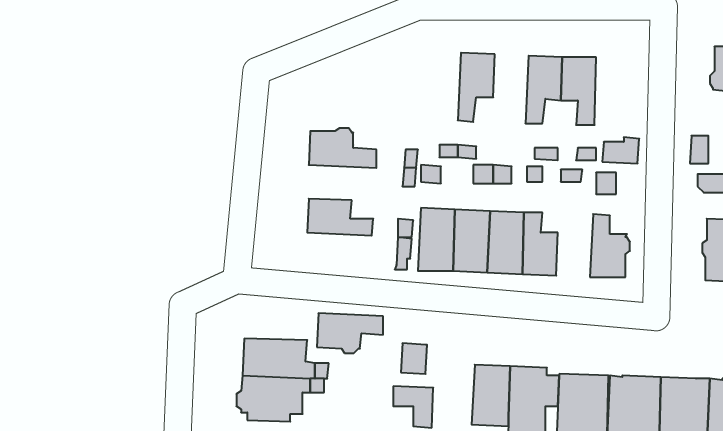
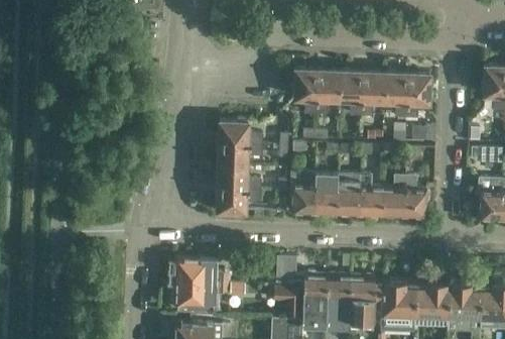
building: none -> [292,68,319,113]
building: none -> [340,70,363,115]
building: none -> [406,72,432,116]
building: none -> [219,142,263,165]
building: none -> [381,174,405,216]
building: [317,313,383,353] -> [217,187,260,213]
building: none -> [302,272,328,313]

